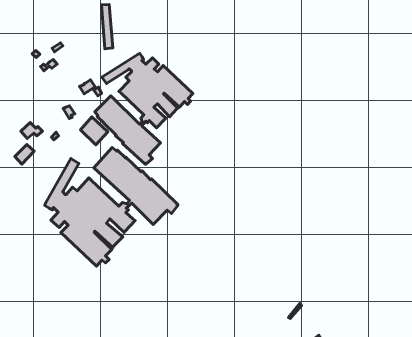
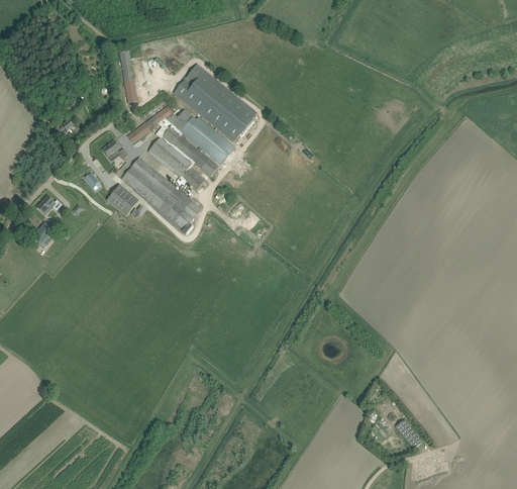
building: none -> [174,64,256,141]
building: [45,148,178,266] -> none

